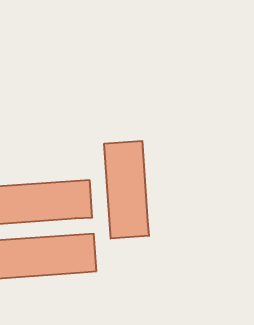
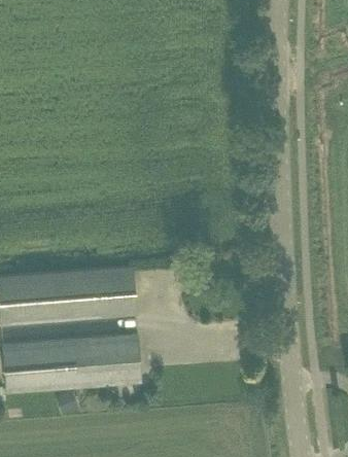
building: [104,141,149,239] -> none

